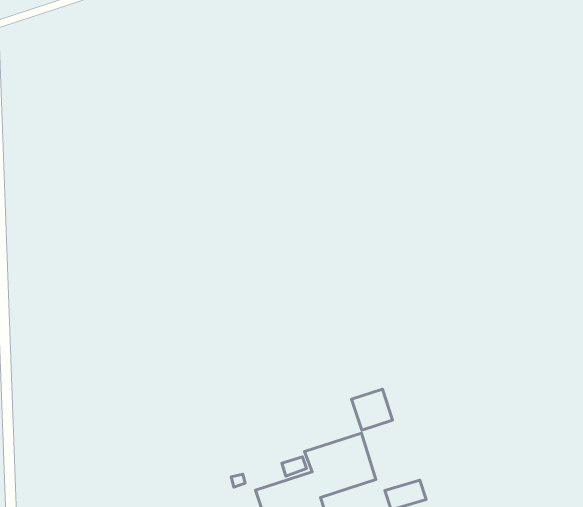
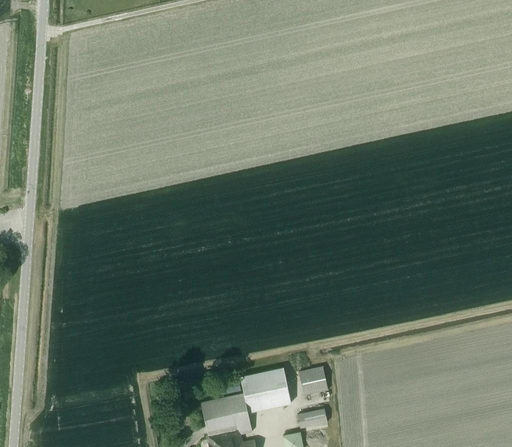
building: [352,389,393,430] -> [298,366,327,395]

